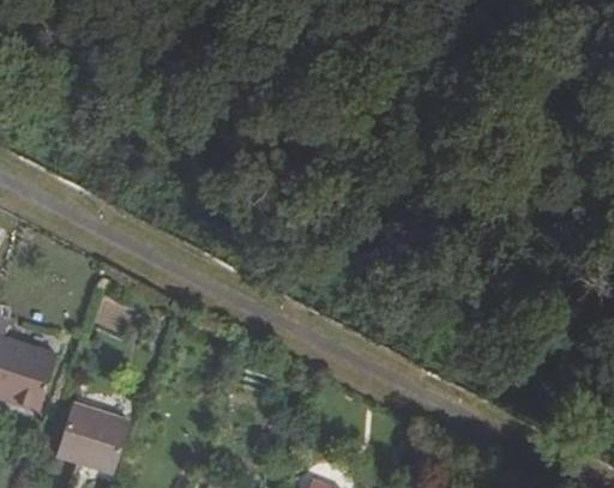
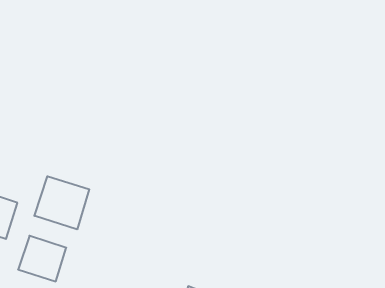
building: none -> [34,176,89,229]

